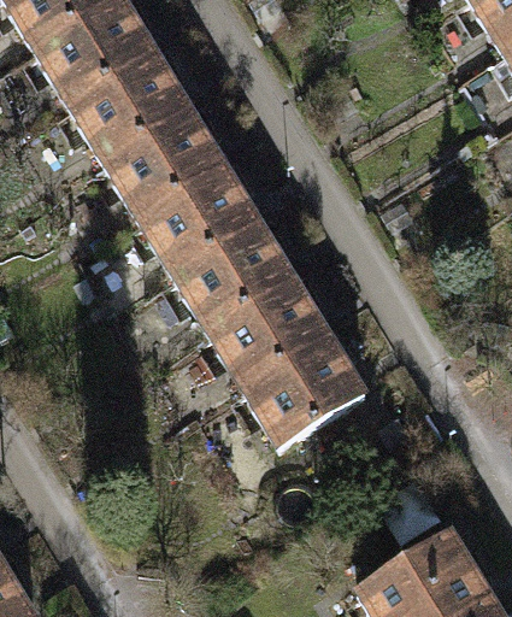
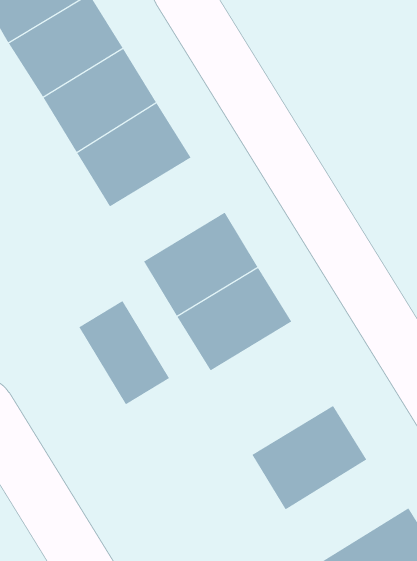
building: [139,168,259,276] -> none
building: none -> [78,300,170,405]
building: [243,339,364,448] -> [252,405,367,510]

